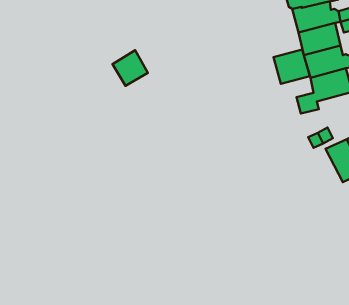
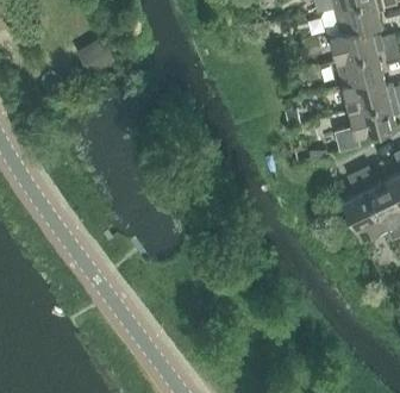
building: [273,50,310,84] -> none
building: [112,50,148,86] -> [76,39,115,79]
building: none -> [343,191,386,239]

